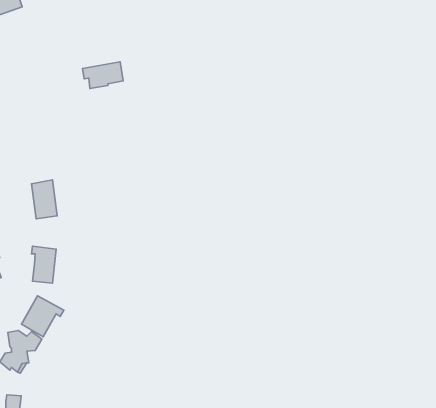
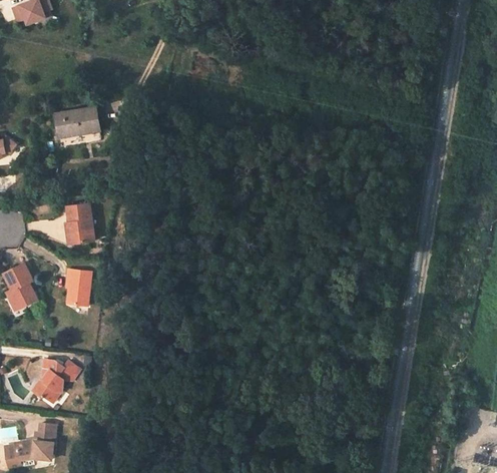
building: [82,62,123,88] -> [54,106,97,134]
building: [21,296,64,337] -> none

